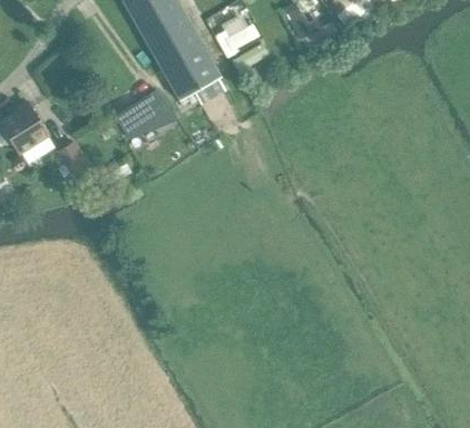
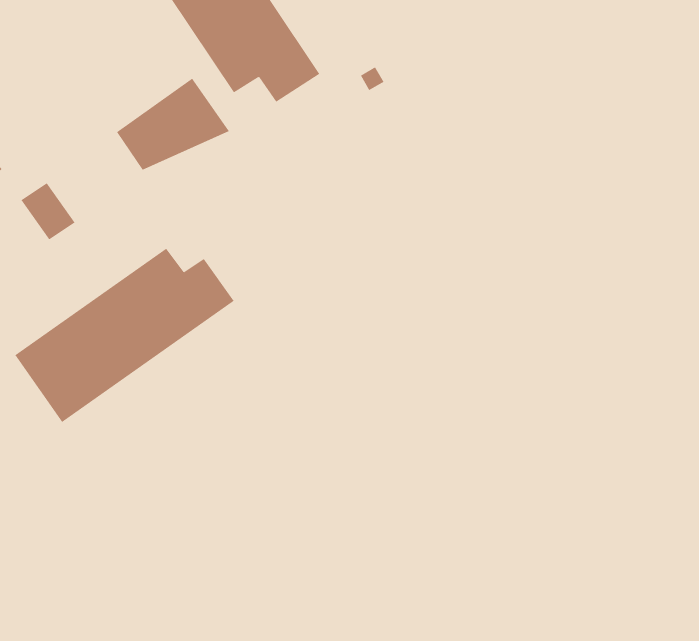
building: none -> [14,248,235,423]

